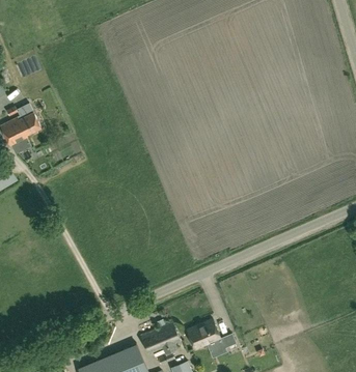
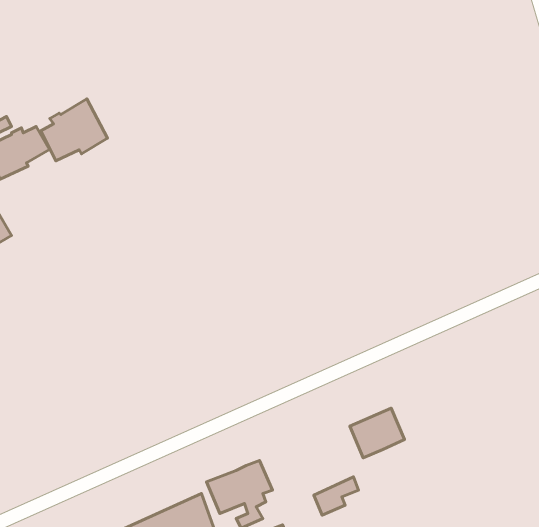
building: none -> [41,99,108,161]
building: [187,318,221,349] -> [350,408,404,458]

